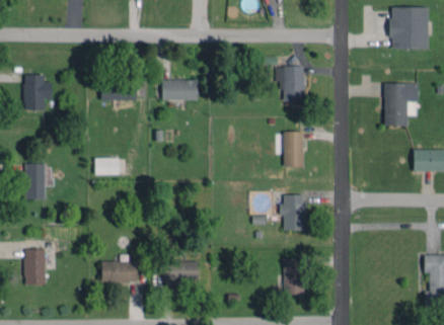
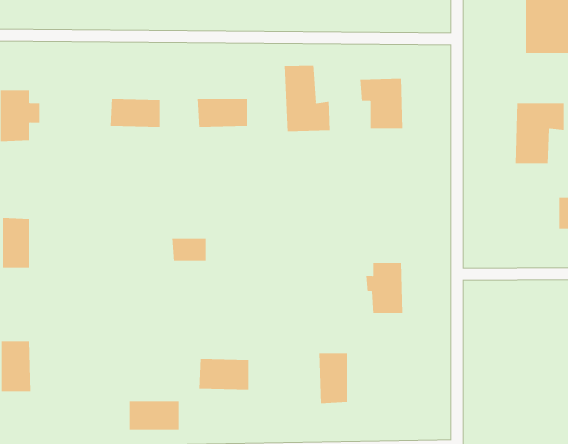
building: none -> [284,65,330,132]
building: [284,131,305,167] -> none
building: [95,158,120,174] -> [172,238,207,261]
building: [284,259,304,295] -> [319,353,348,404]
building: [102,261,138,281] -> [129,401,180,430]

